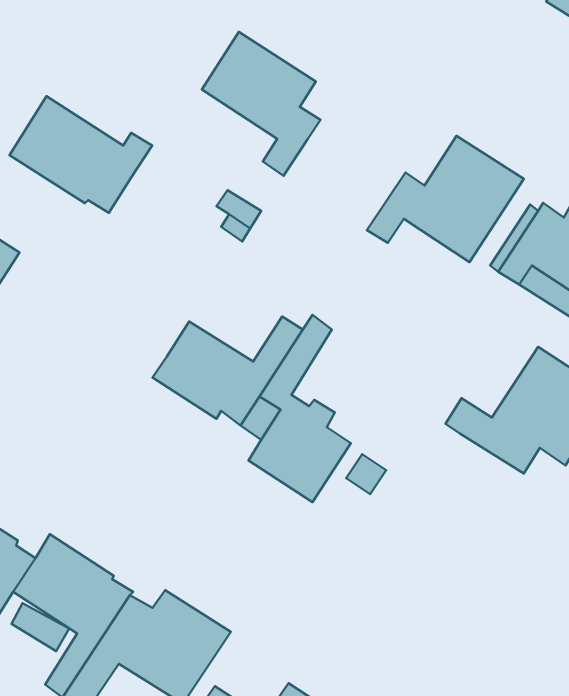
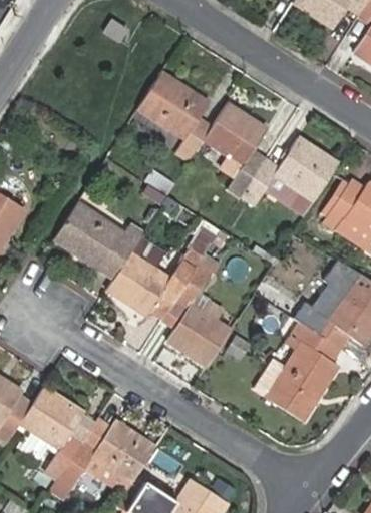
building: none -> [205,103,266,196]
building: [10,96,152,213] -> [54,202,143,276]
building: none -> [255,324,340,420]

